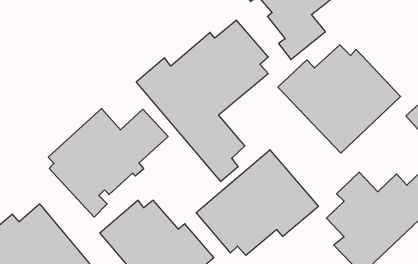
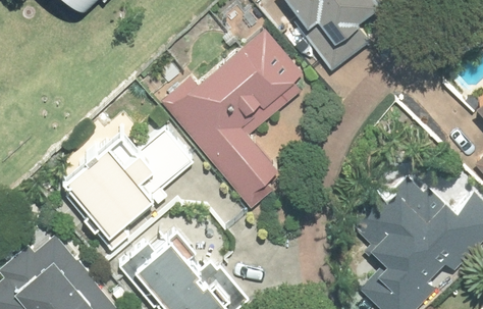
building: [278,45,401,153] -> none
building: [196,150,318,255] -> none

